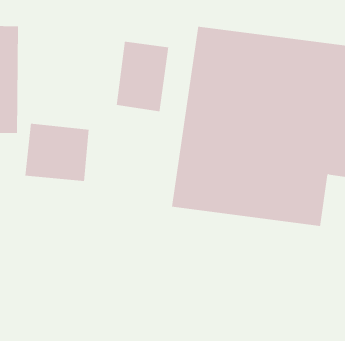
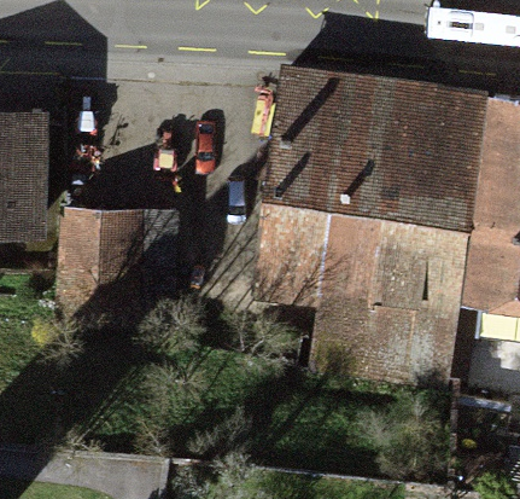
building: [116,41,169,112] -> none

